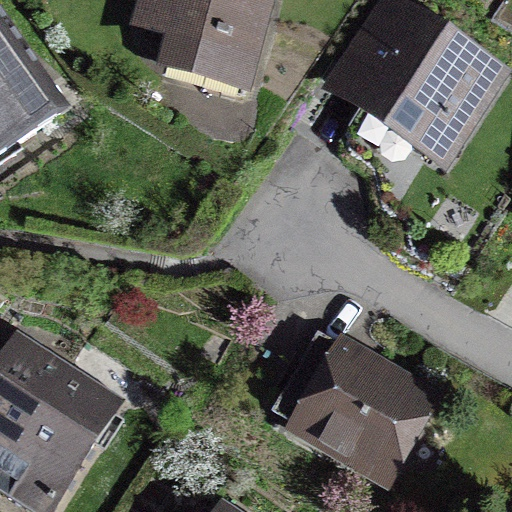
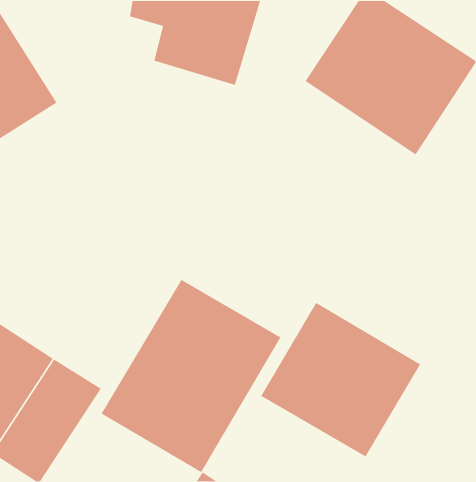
building: none -> [101,279,282,473]

